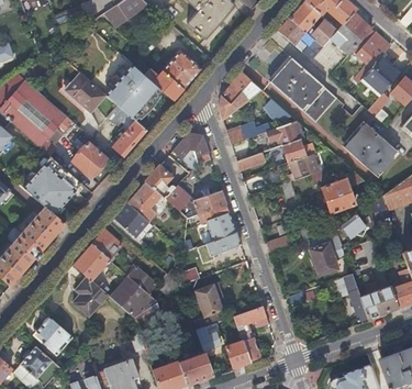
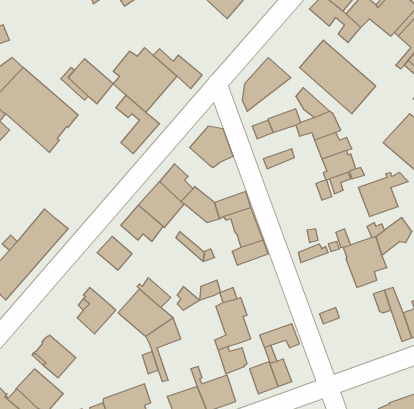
building: [162,49,200,88] -> none
building: [71,142,105,176] -> none
building: [23,157,80,214] -> none
building: [73,244,114,280] -> none

